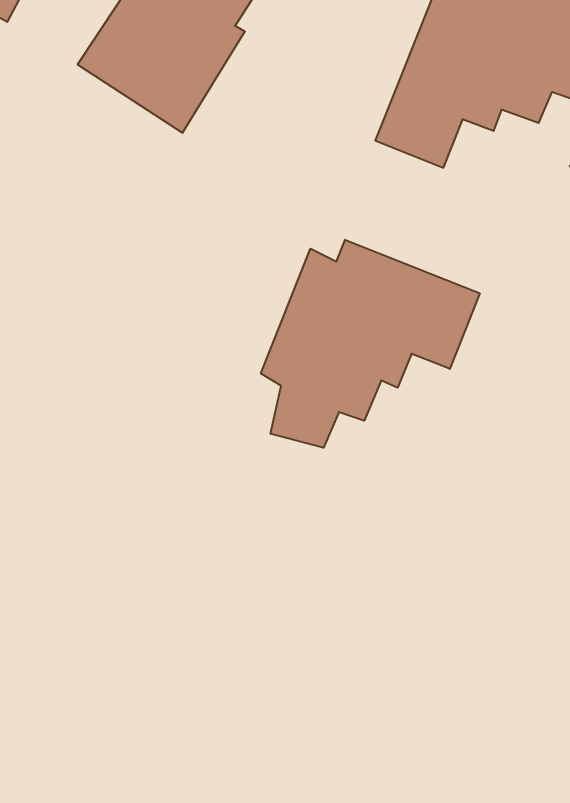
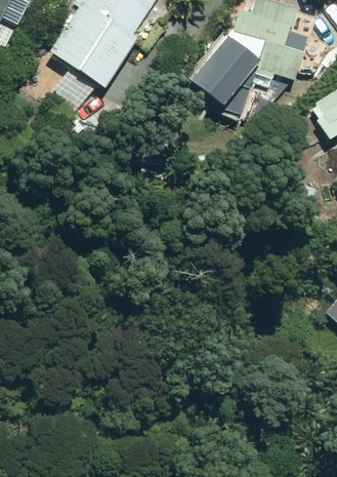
building: [261,240,480,448] -> none

